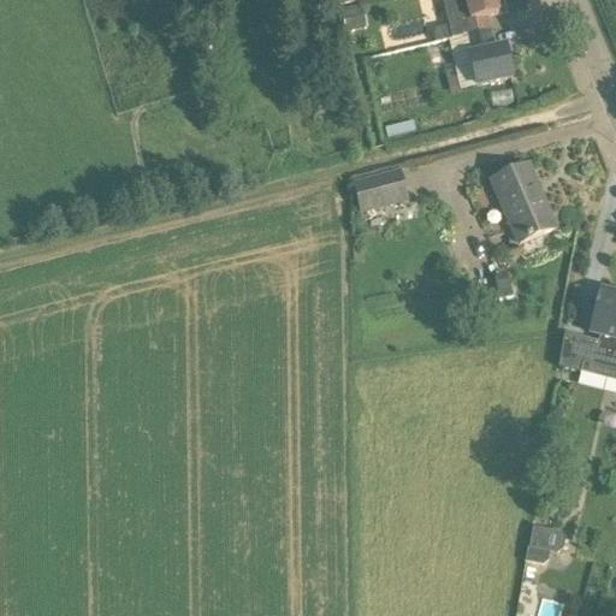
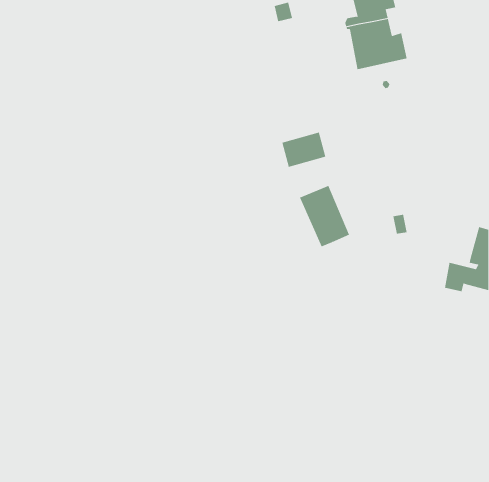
building: [491,161,555,239] -> [299,185,350,247]
building: [525,522,565,561] -> none

